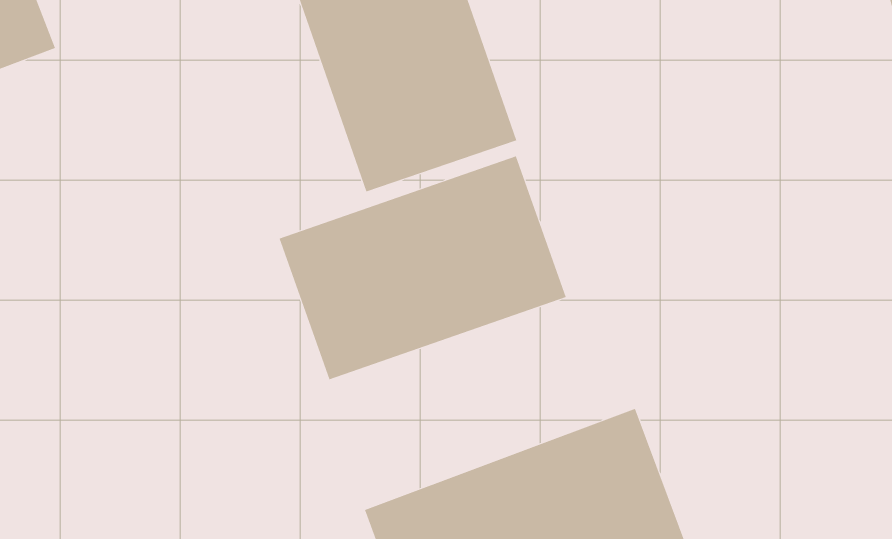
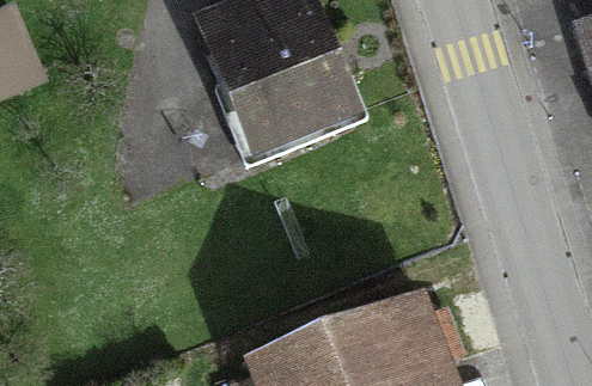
building: [279,156,567,380] -> none

